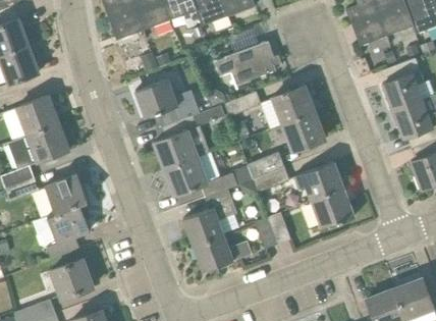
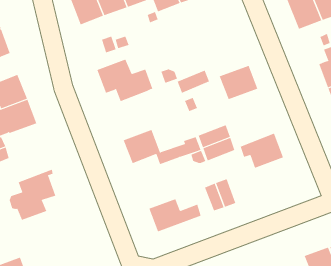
building: [214,41,276,86] -> none
building: [281,112,325,151] -> none
building: [154,115,209,169] -> none
building: [44,173,87,216] -> none
building: [182,189,236,246] -> none
building: [311,189,355,227] -> none
building: [51,259,93,300] -> none

